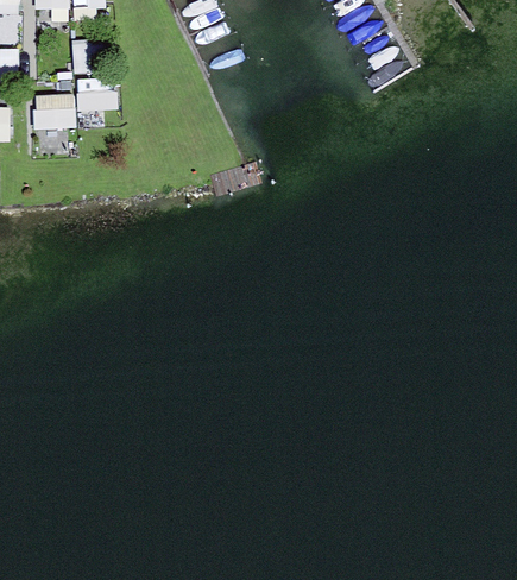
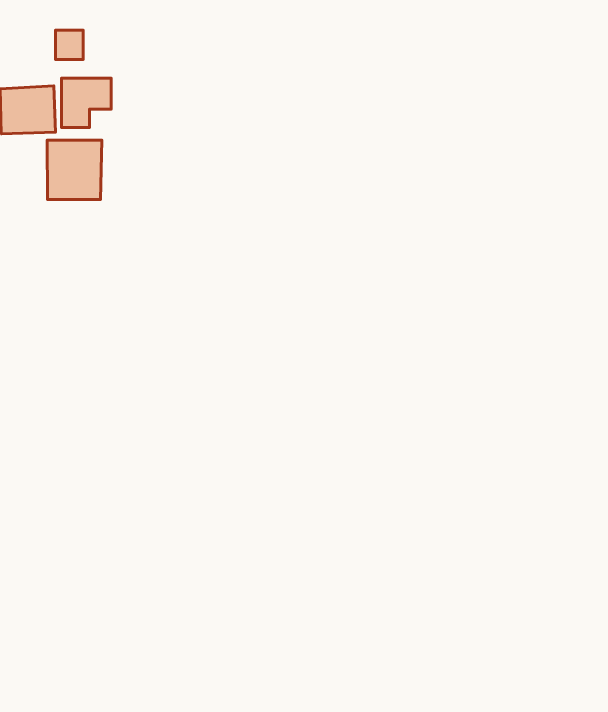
building: none -> [47,140,102,200]

